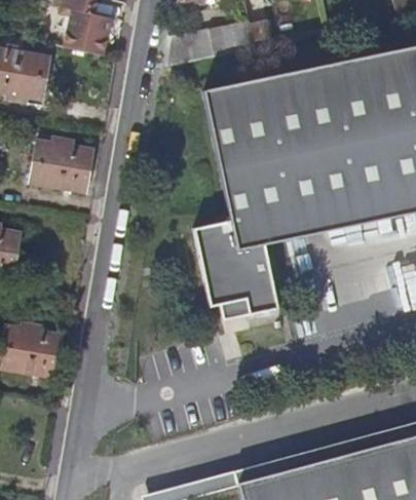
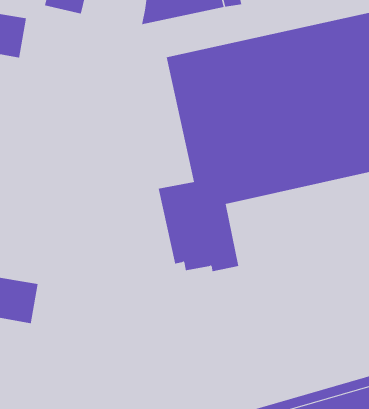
building: [30,139,94,188] -> none

